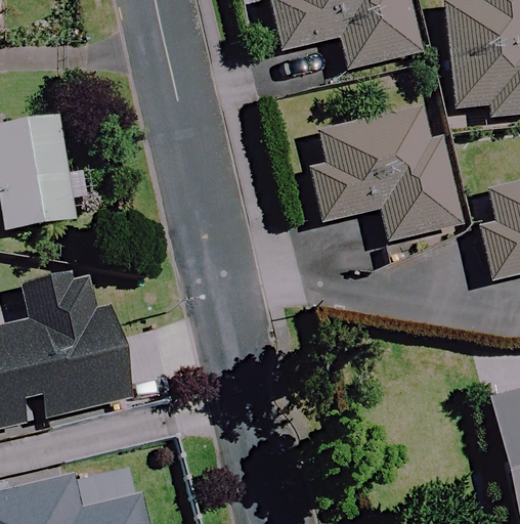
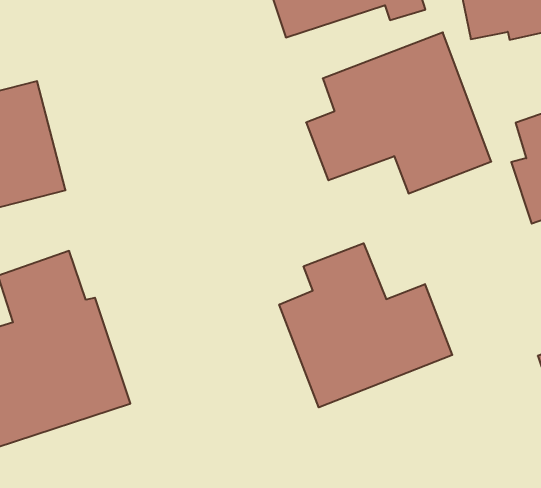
building: none -> [279,243,452,407]

